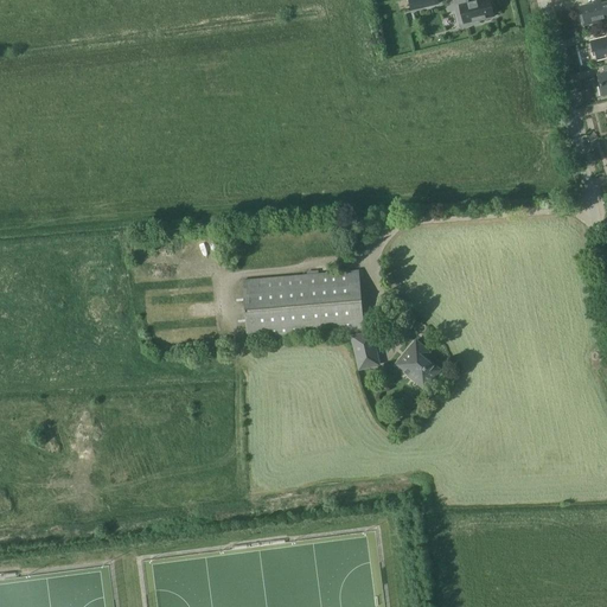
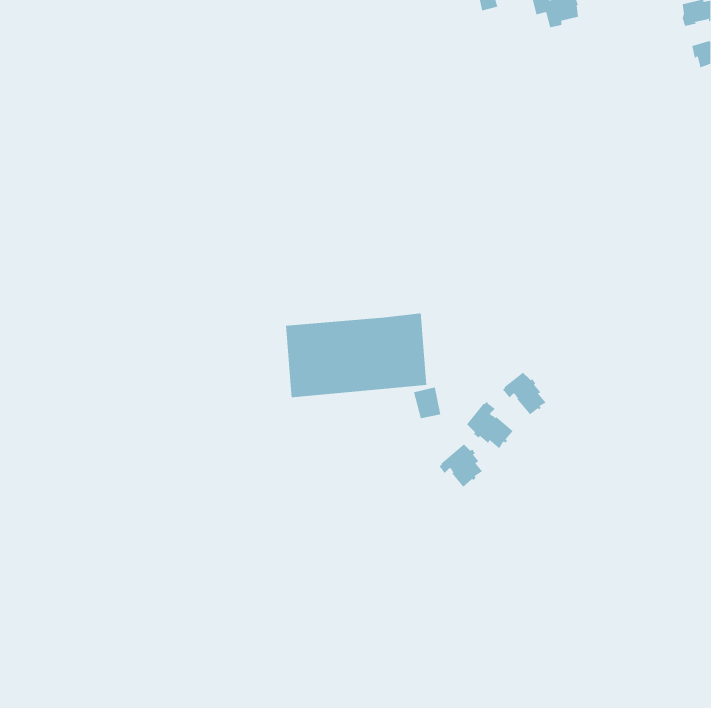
building: none -> [503,372,547,415]
building: none -> [439,443,483,488]

